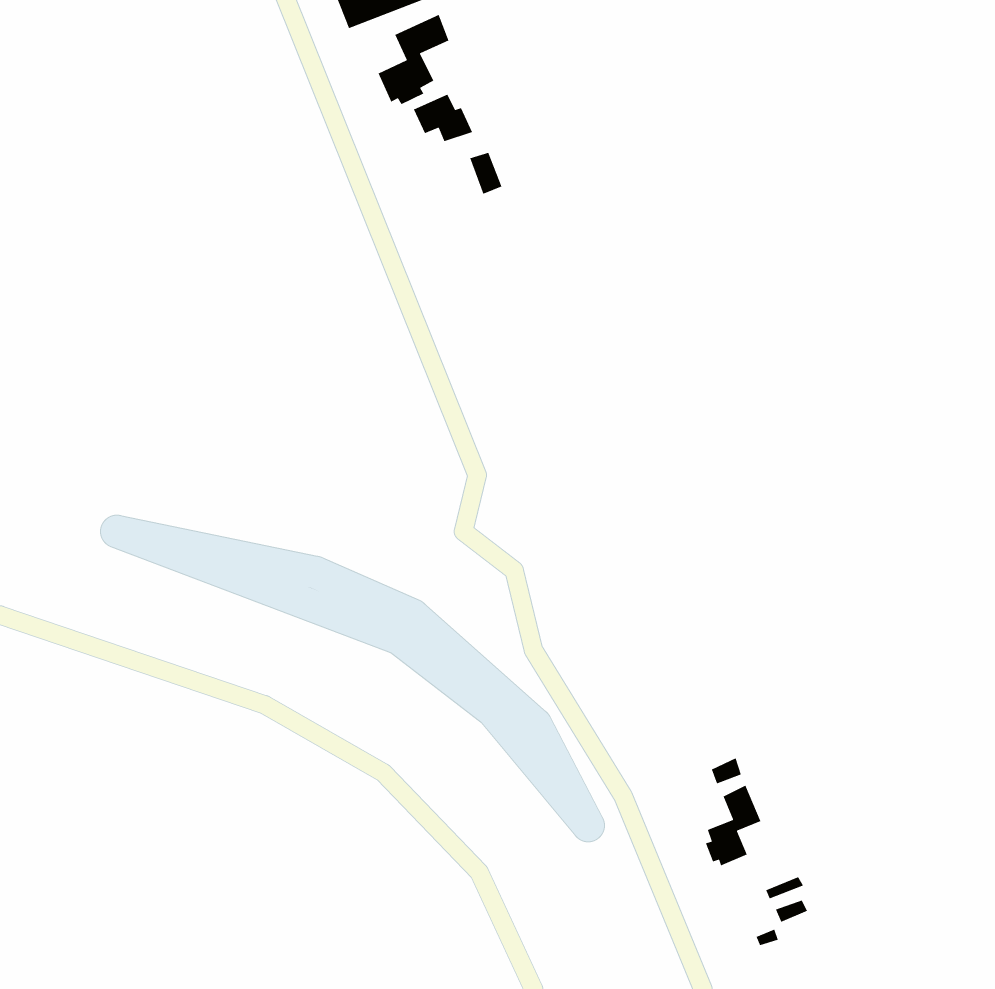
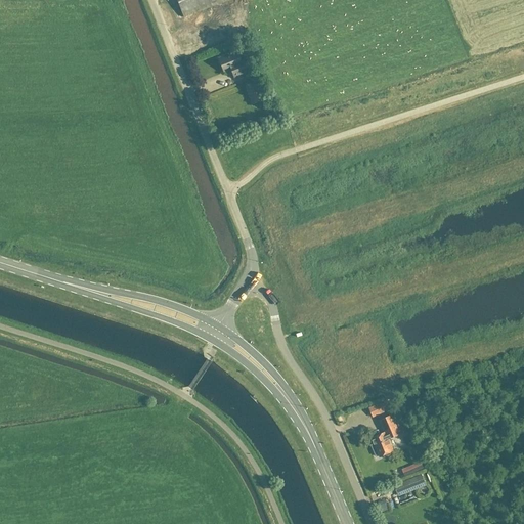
building: [377,14,449,105] -> none

